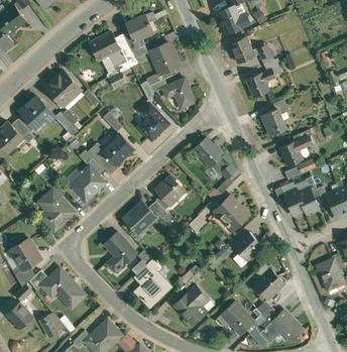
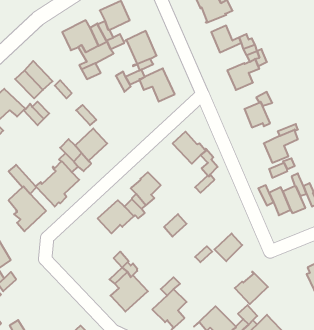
building: [138,103,168,140] -> none
building: [214,196,246,231] -> none
building: [104,233,136,272] -> none
building: [41,268,85,308] -> none

